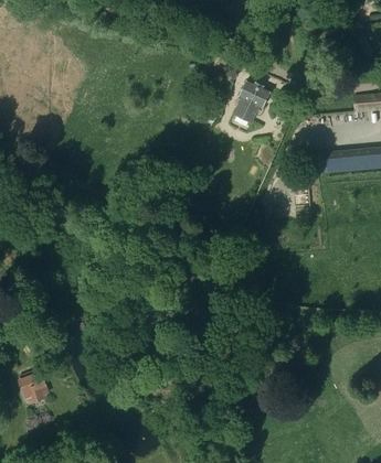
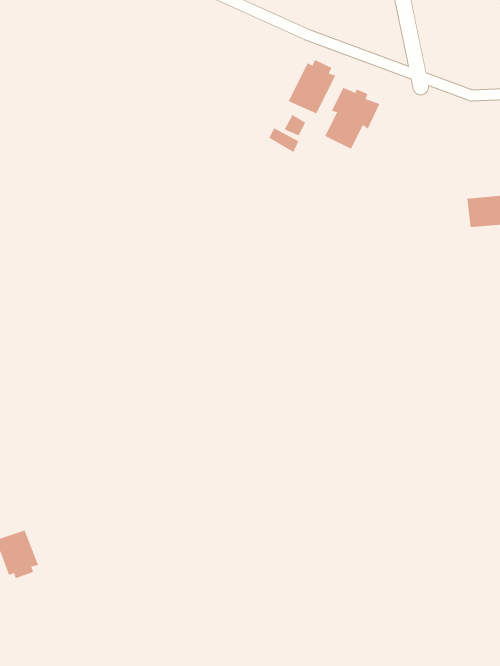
building: none -> [288,59,336,114]

